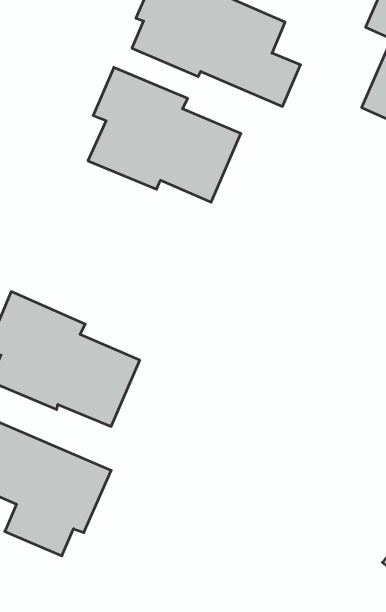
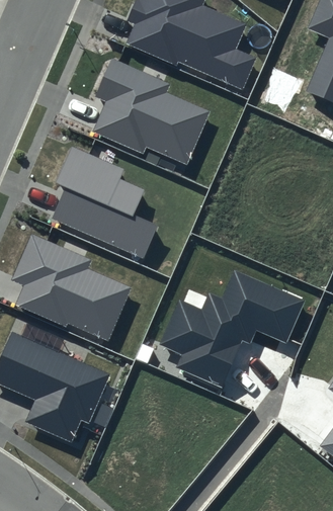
building: none -> [52,146,157,258]
building: none -> [159,269,306,387]

